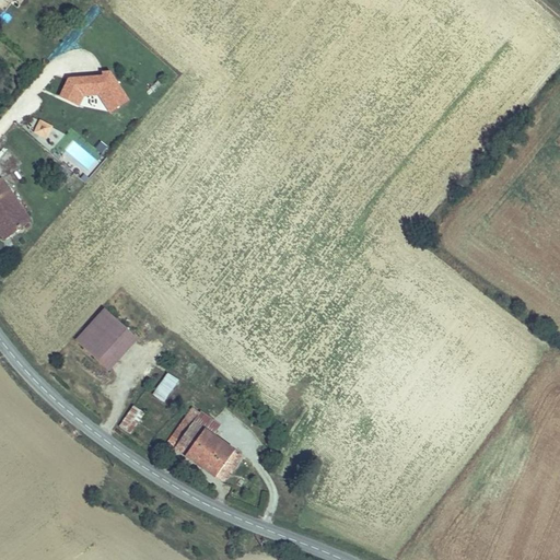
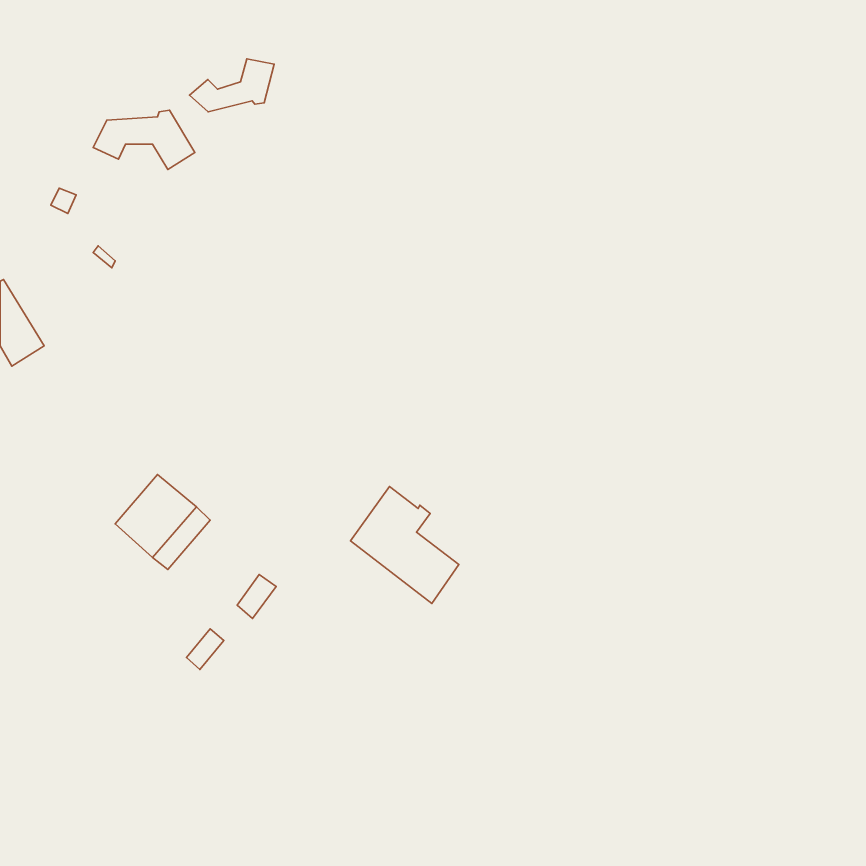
building: none -> [189,59,274,112]
building: [171,408,241,483] -> [350,486,459,603]

